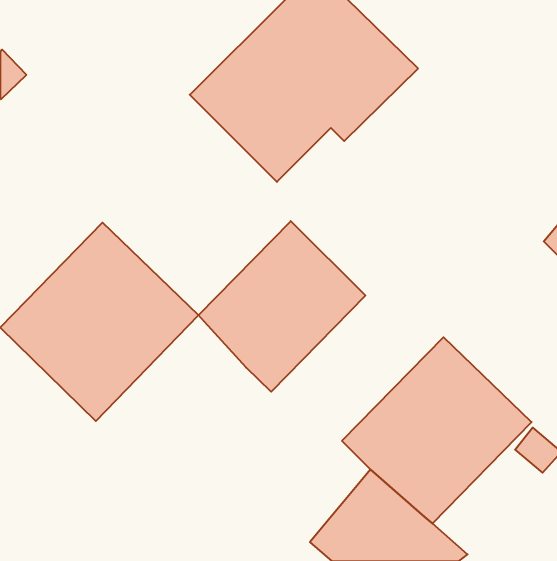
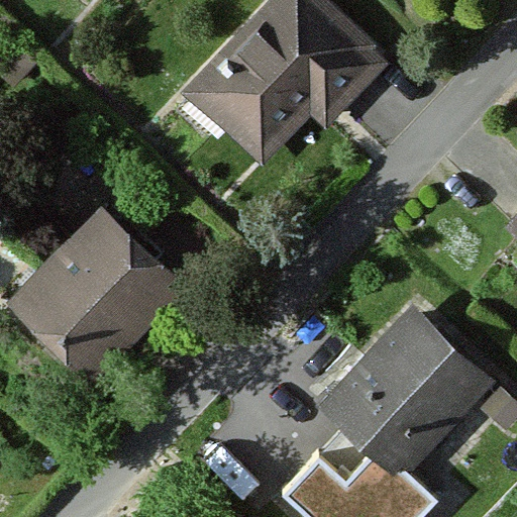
building: [199,221,365,392] -> none

